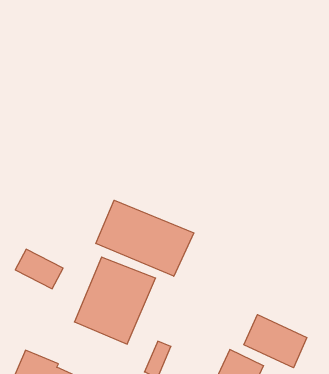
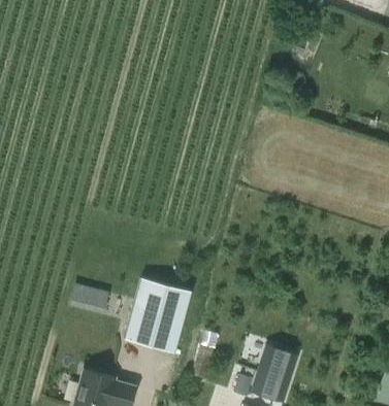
building: [96,200,194,276] -> none
building: [244,315,307,368] -> none

